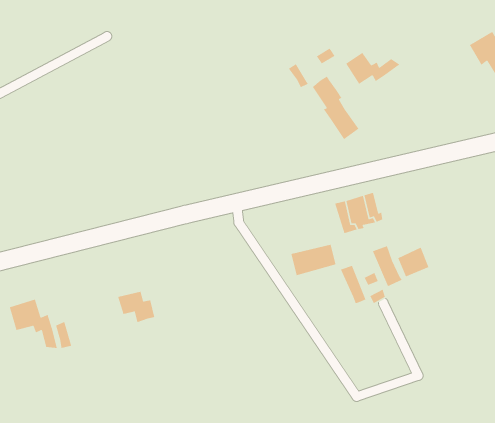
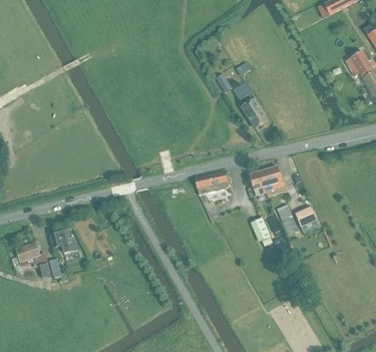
building: [345,52,401,85] -> none
building: [290,244,337,276] -> [195,171,228,195]
building: [117,291,155,323] -> [50,231,77,254]

